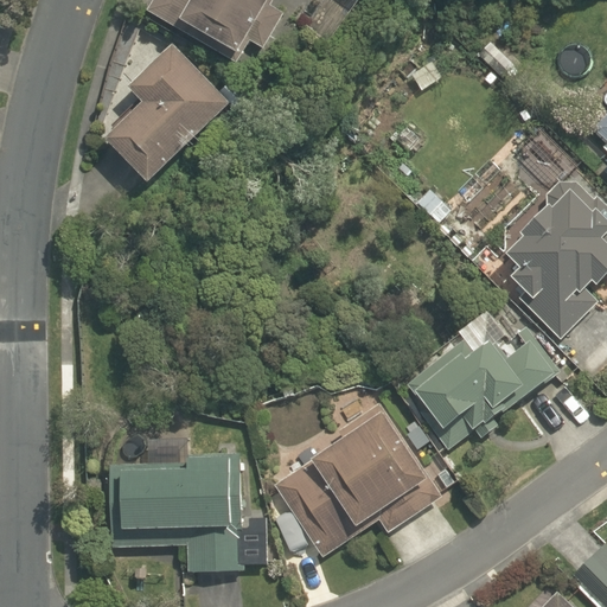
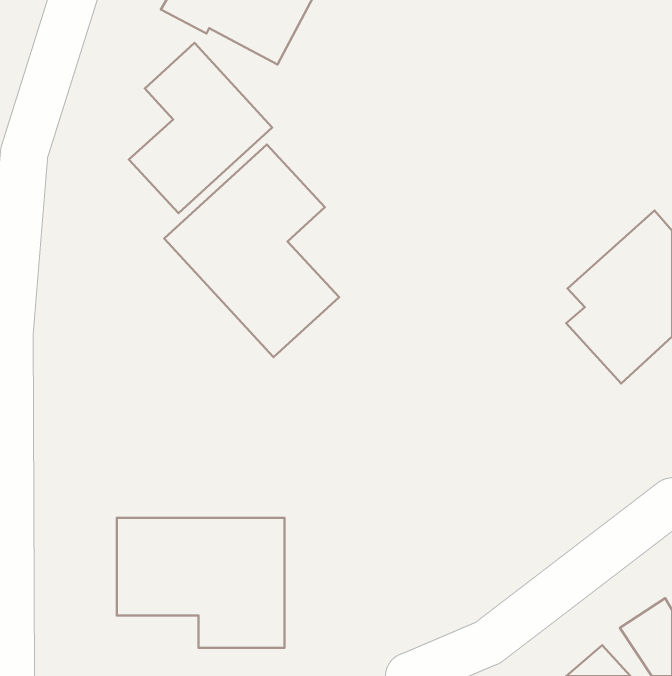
building: none -> [164,144,339,357]
building: [403,311,555,448] -> none
building: [269,404,447,561] -> none

